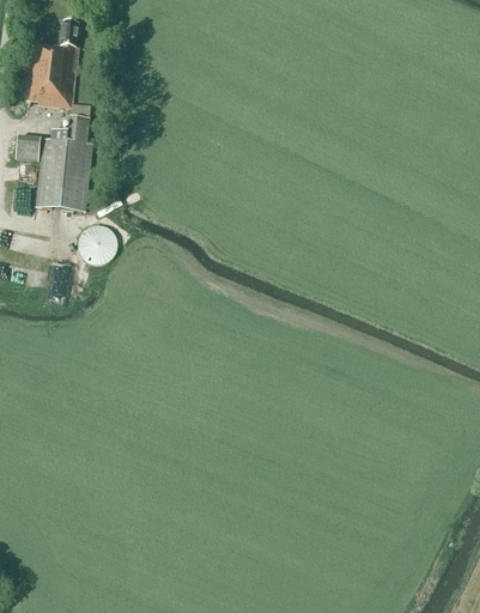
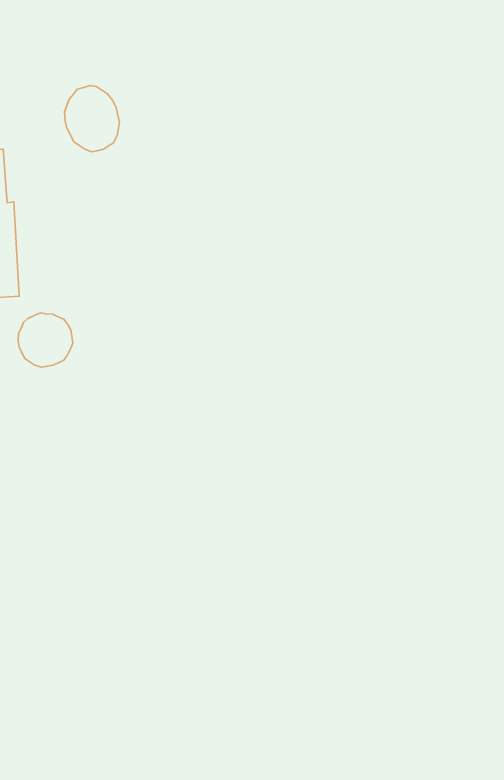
building: none -> [64,86,120,152]

